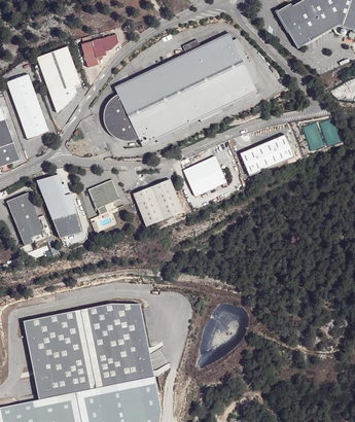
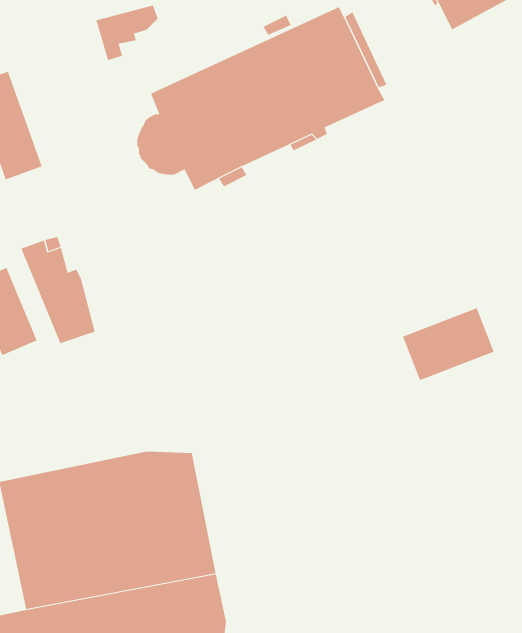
building: [36,46,80,112] -> none
building: [239,134,294,178] -> [402,308,494,381]
building: [182,155,225,196] -> none
building: [90,178,119,214] -> none
building: [132,178,182,225] -> none

